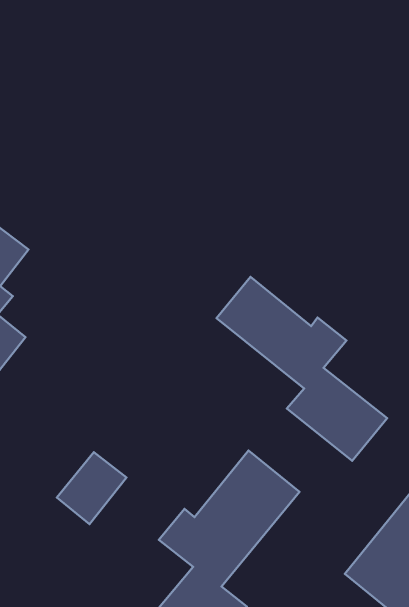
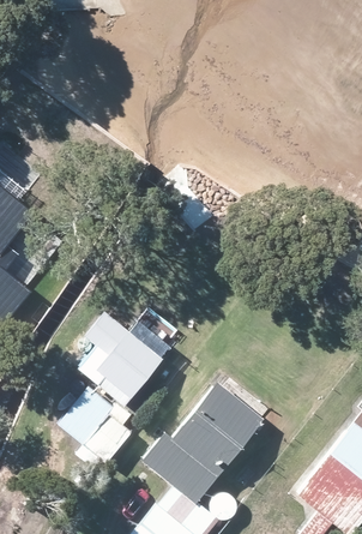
building: [216,277,387,461] -> none
building: none -> [79,312,165,408]

